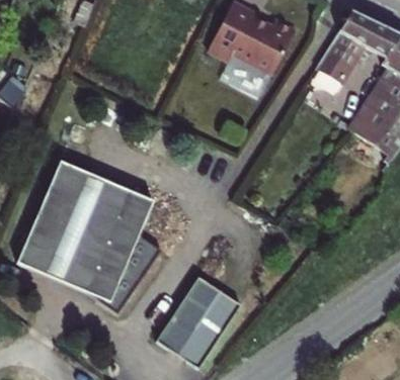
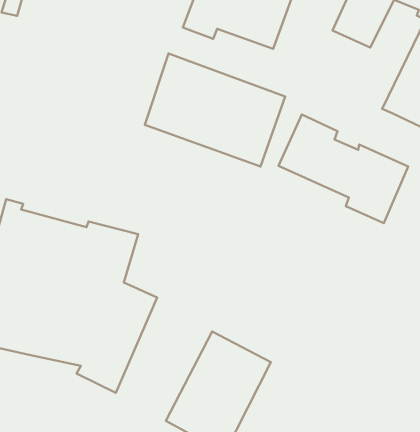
building: none -> [145,54,285,166]
building: none -> [278,115,408,223]

